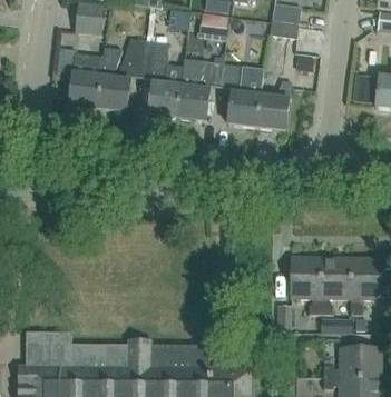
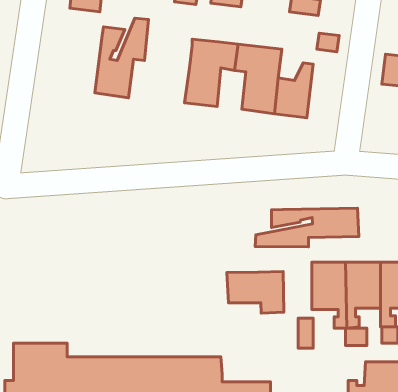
building: [141,42,184,117] -> none
building: [58,49,104,108] -> none
building: none -> [255,208,359,247]
building: none -> [227,271,284,313]

